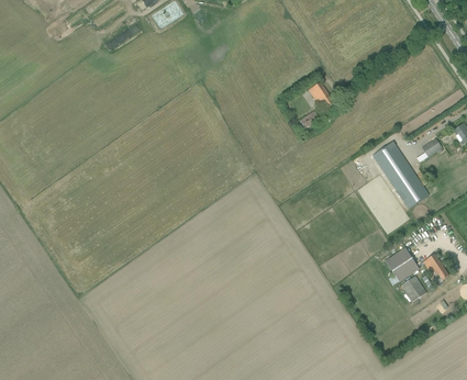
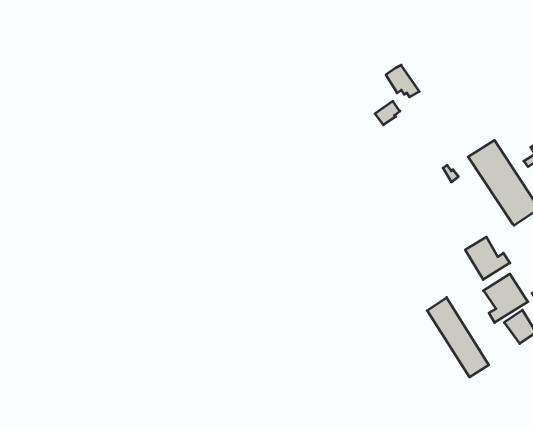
building: none -> [465,237,510,280]
building: none -> [427,297,489,377]

